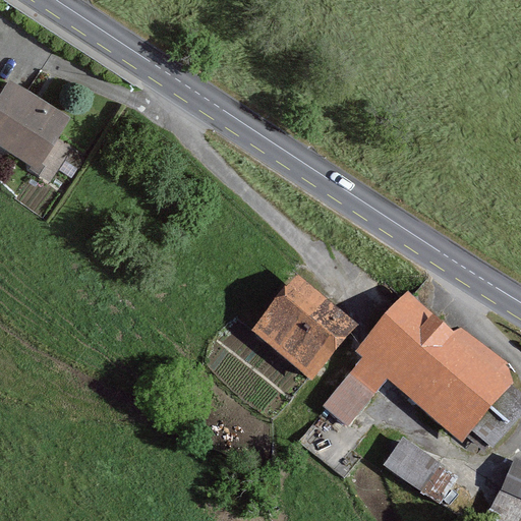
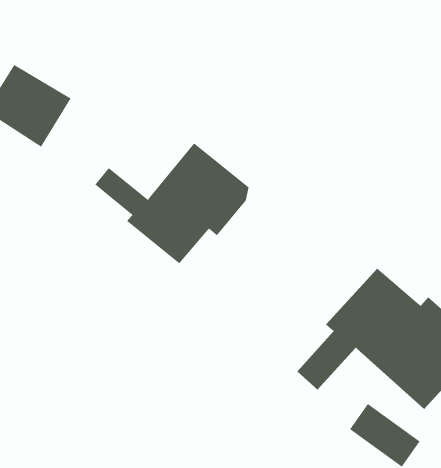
building: none -> [94,143,249,264]
building: [249,277,354,381] -> none

